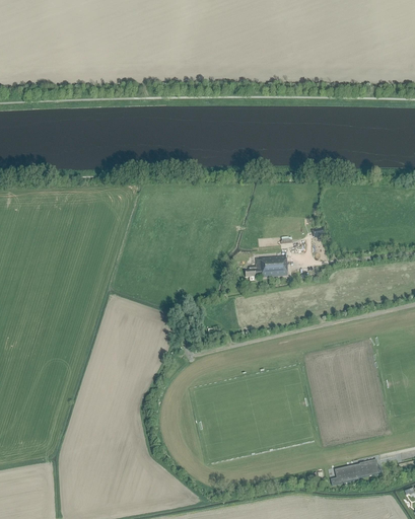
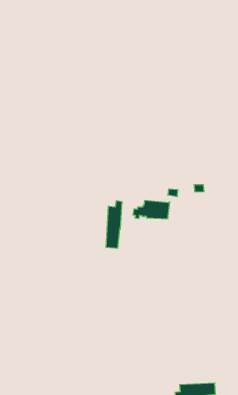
building: none -> [106,201,122,248]

